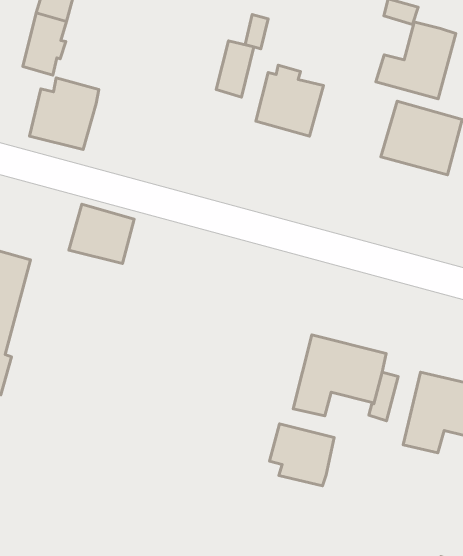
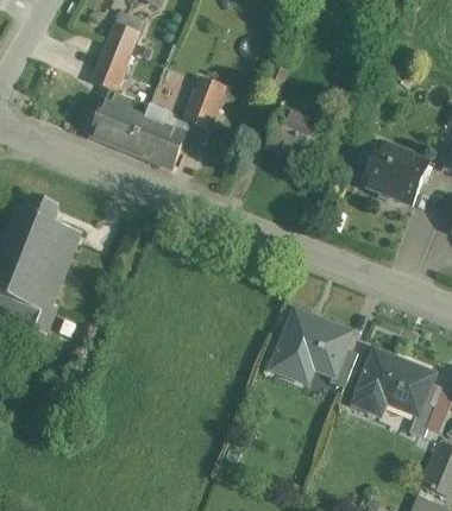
building: [376,22,456,99] -> none
building: [216,41,254,97] -> [188,80,221,125]
building: [69,204,134,263] -> [131,115,184,165]
building: [269,424,334,486] -> none

